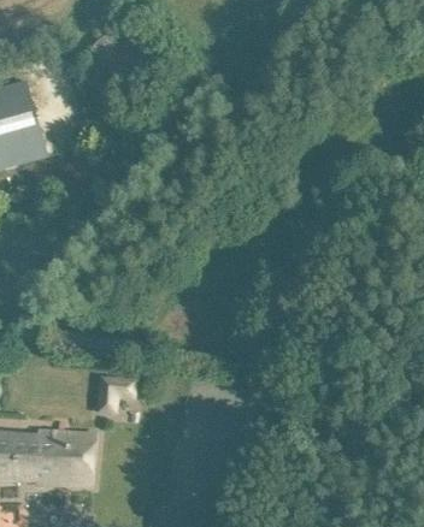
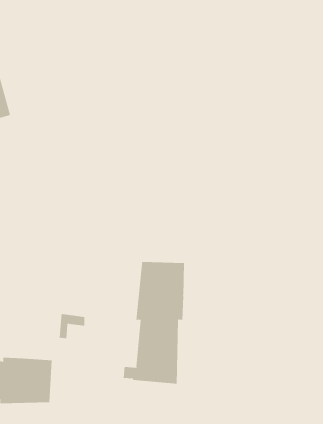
building: none -> [123,261,185,384]

